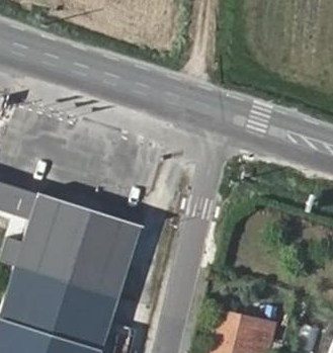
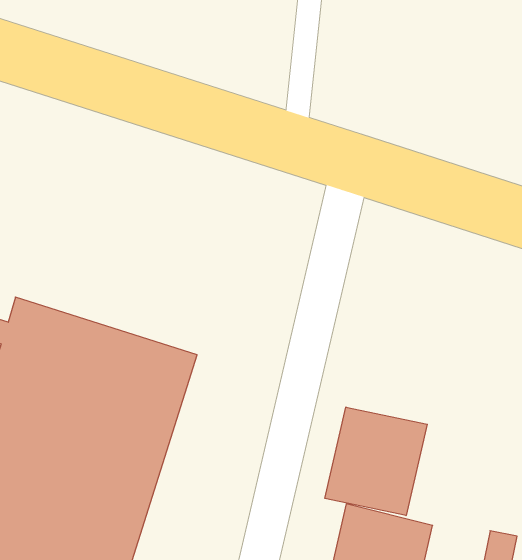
building: none -> [325,407,427,516]

